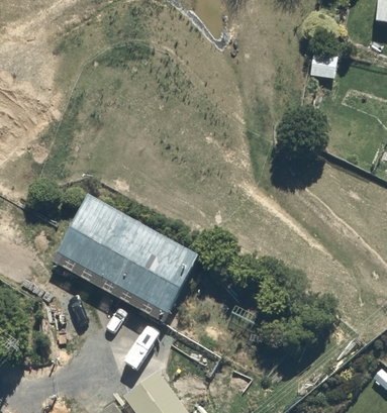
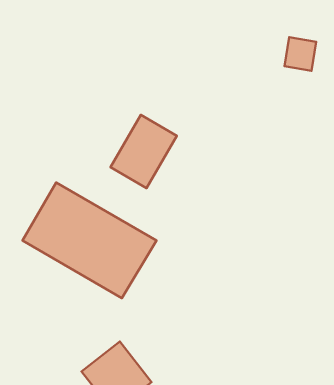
building: none -> [111,115,177,188]

